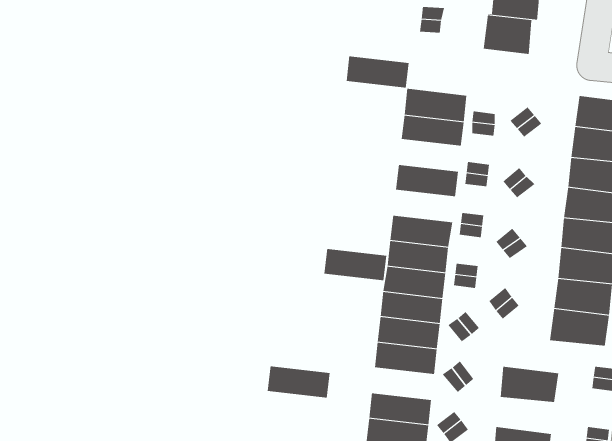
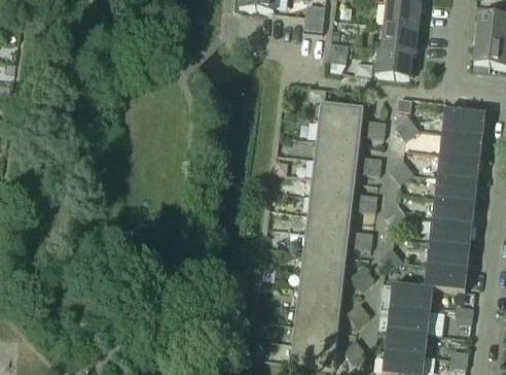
building: [346,56,409,88] -> [314,139,360,163]
building: [324,248,387,281] -> [310,176,356,200]
building: none -> [390,282,433,310]
building: [267,366,330,398] -> [294,306,340,330]
building: none -> [385,328,428,354]

